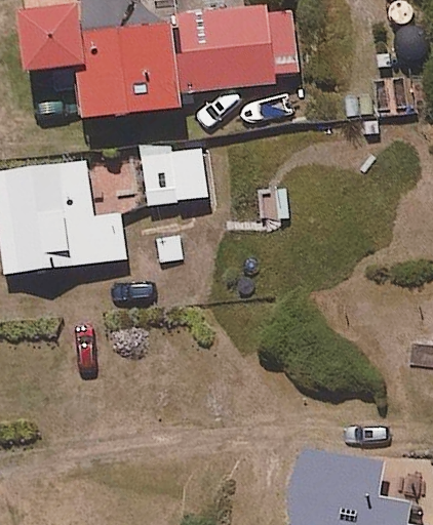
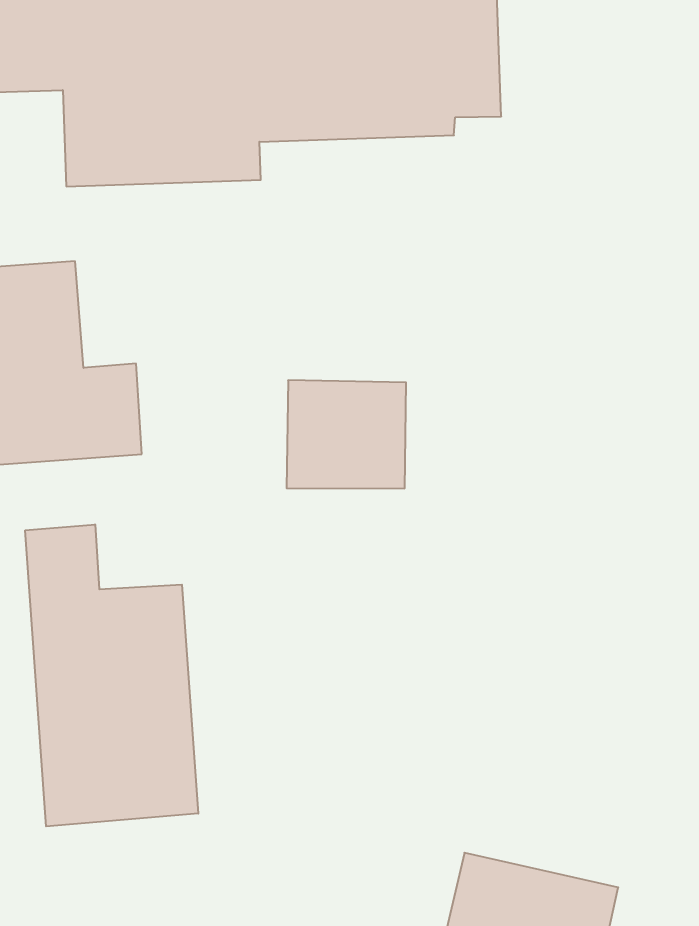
building: [142,143,205,201] -> [287,380,406,488]
building: none -> [25,524,198,826]

